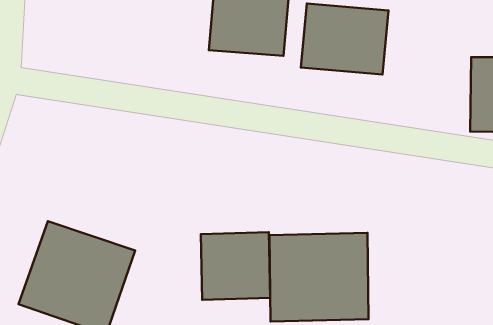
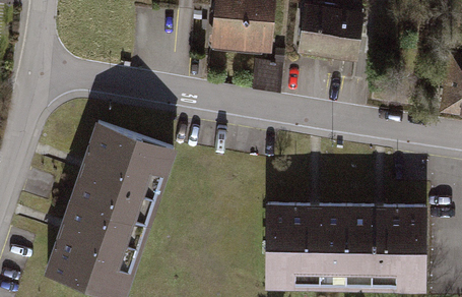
building: none -> [71,123,172,222]
building: none -> [349,205,436,282]
building: [201,232,270,300] -> none

